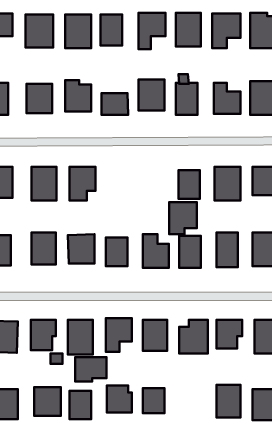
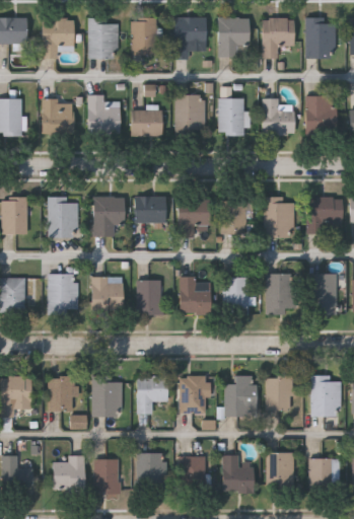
building: none -> [134,197,165,222]
building: [169,202,197,234] -> [178,199,210,236]
building: [75,357,106,382] -> none
building: none -> [222,455,253,494]

